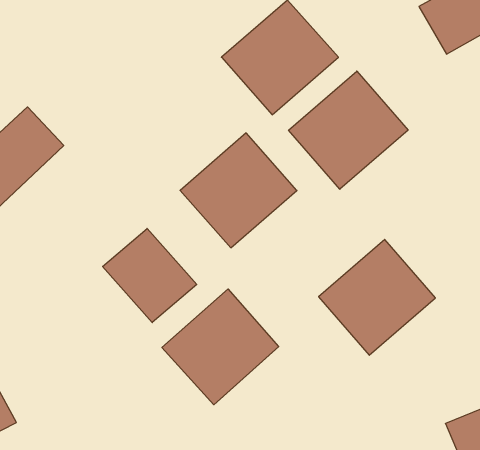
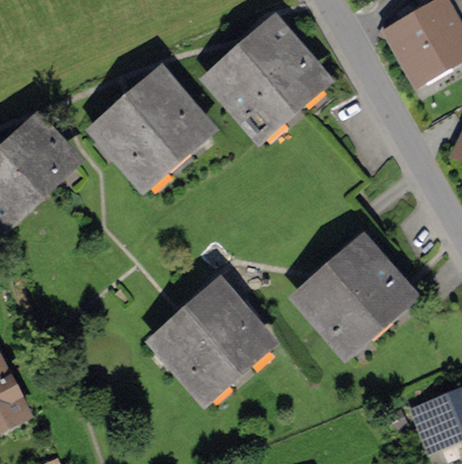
building: [289,71,408,189] -> none
building: [180,133,297,248] -> [99,74,205,178]
building: [103,228,197,323] -> none

